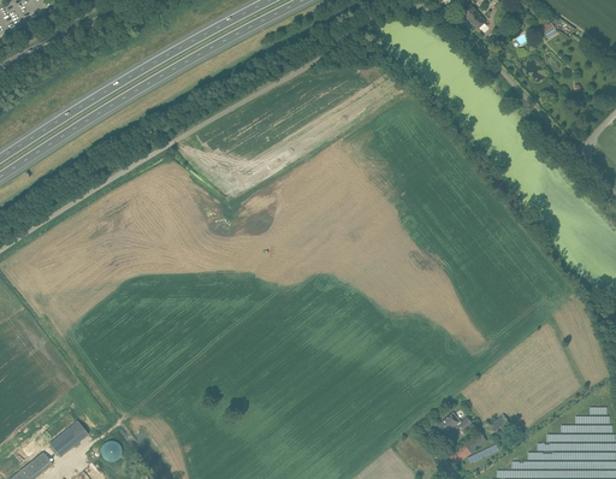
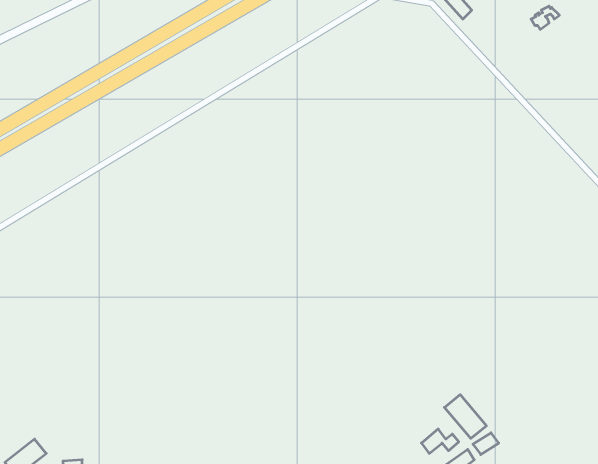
building: none -> [444,395,486,438]

